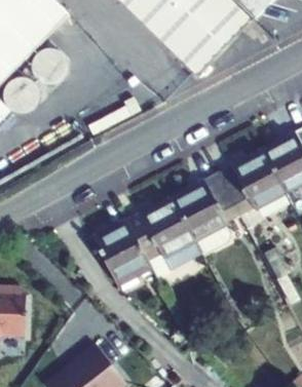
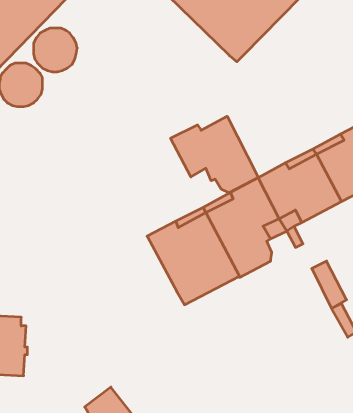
building: none -> [171,116,259,193]
building: [92,221,150,284] -> none

